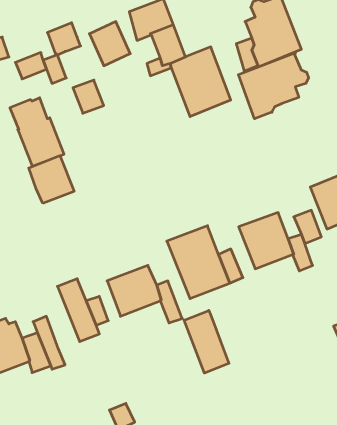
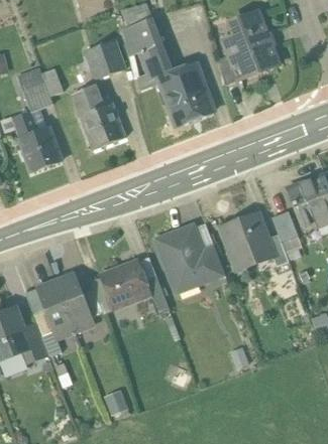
building: [47,23,81,55] -> [23,83,53,112]
building: [238,53,309,119] -> none
building: none -> [79,111,121,152]
building: [29,156,74,203] -> none
building: none -> [37,281,76,338]
building: [184,310,229,373] -> none

